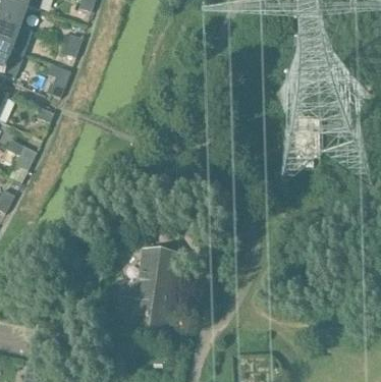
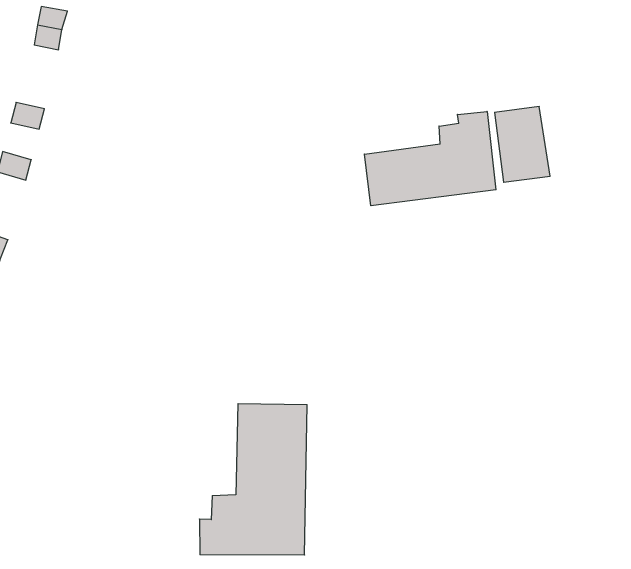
building: none -> [364,111,496,206]

